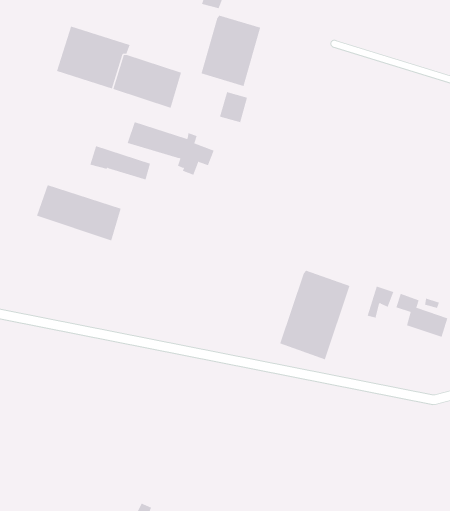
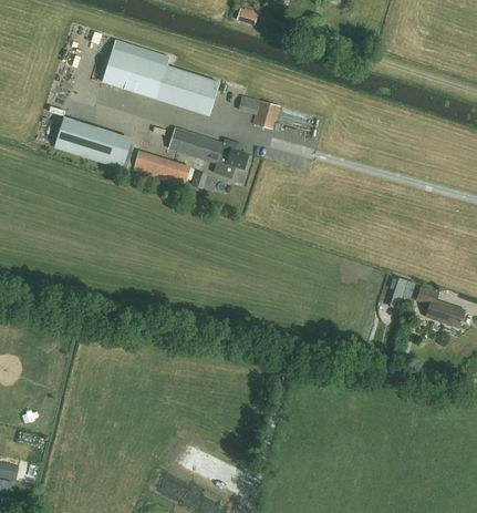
building: [201,15,261,87] -> none
building: [36,185,121,241] -> [55,114,134,166]
building: [280,270,350,360] -> none

